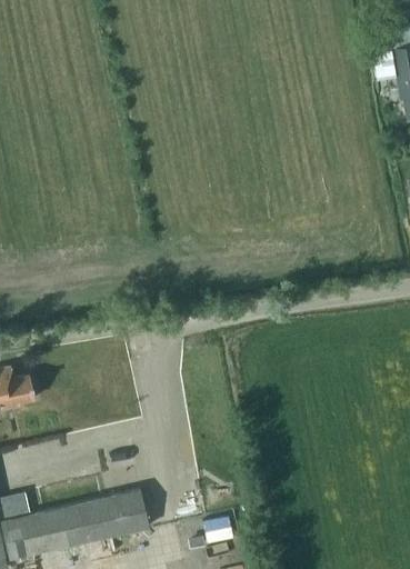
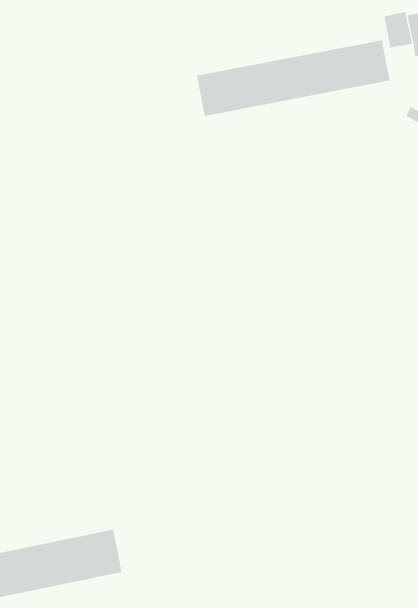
building: none -> [196,39,391,117]

